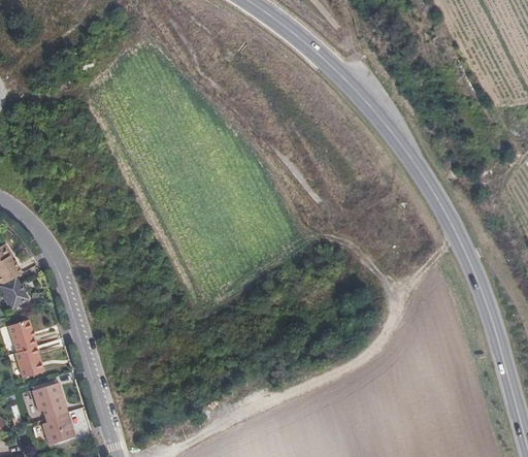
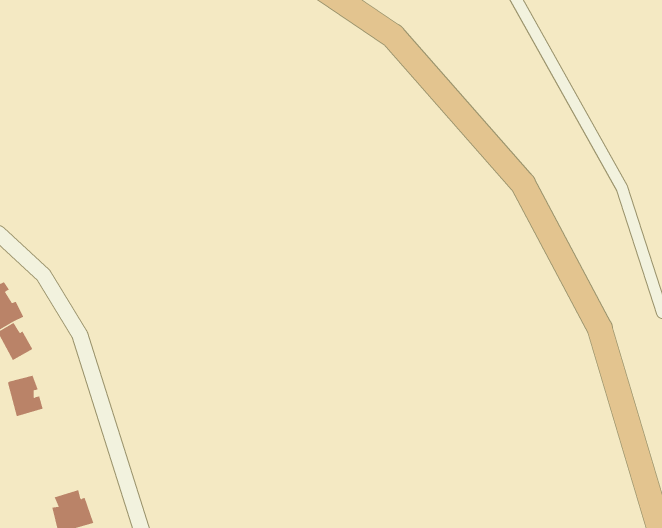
building: [14,346,42,379] -> none
building: [31,382,65,416] -> none

